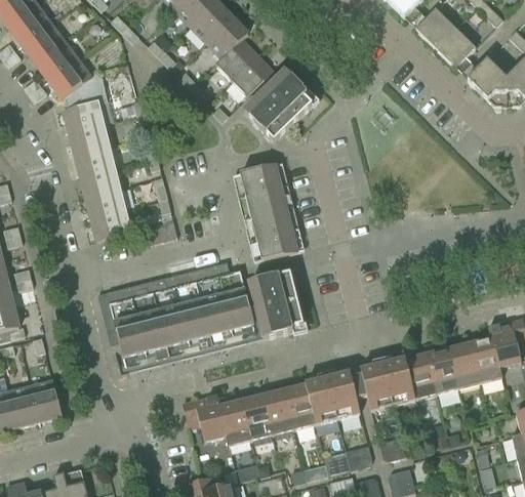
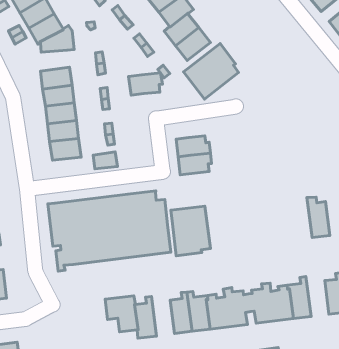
building: [64,102,104,132] -> none
building: [239,164,282,196] -> [128,73,163,95]
building: [255,231,300,261] -> none
building: [425,343,458,394] -> [307,197,330,237]
building: [238,390,272,441] -> none

